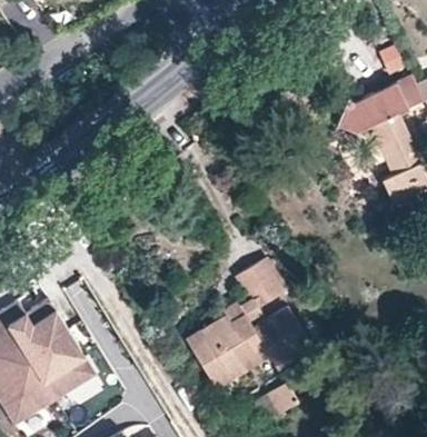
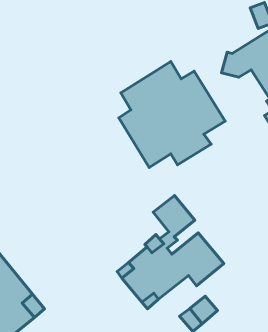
building: none -> [119,62,225,167]

